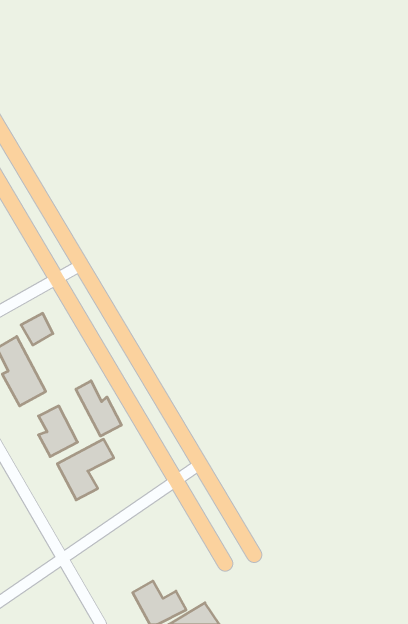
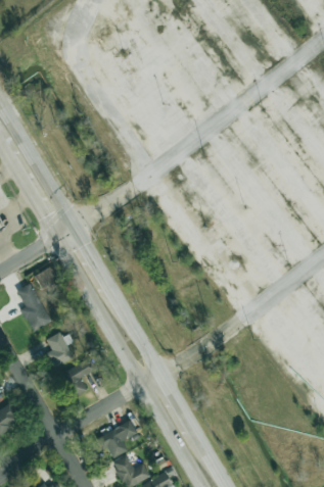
building: [76,381,121,436] -> none
building: none -> [95,420,137,458]

